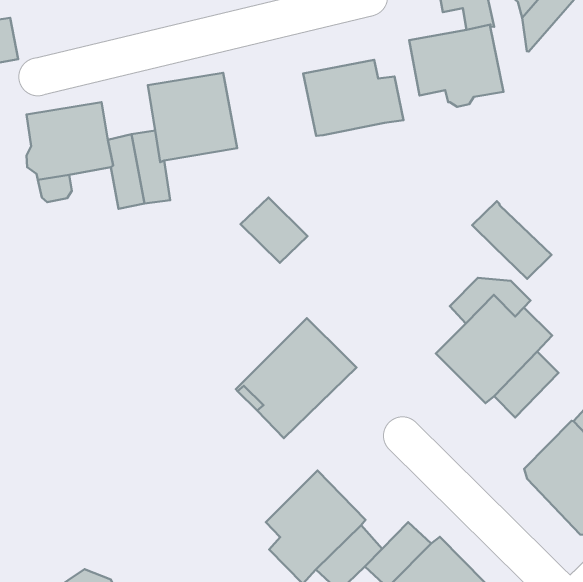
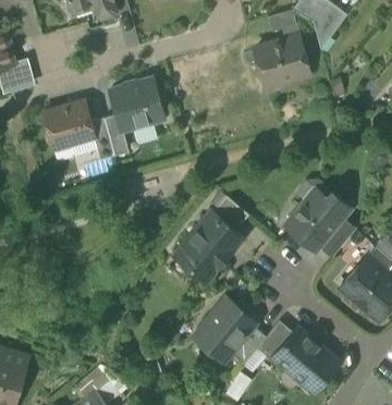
building: [303,60,403,136] -> none
building: [241,198,308,263] -> [211,196,249,232]
building: [472,201,552,279] -> none

